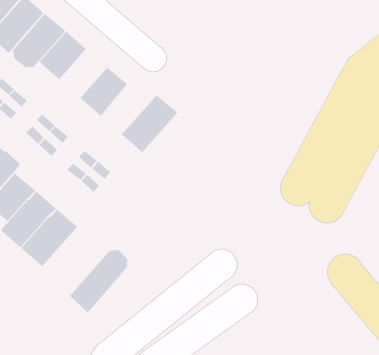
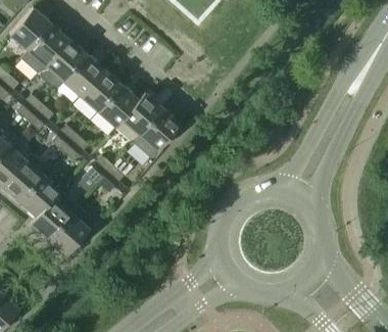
building: none -> [80,70,120,112]
building: none -> [122,93,162,136]
building: [69,249,128,313] -> none

